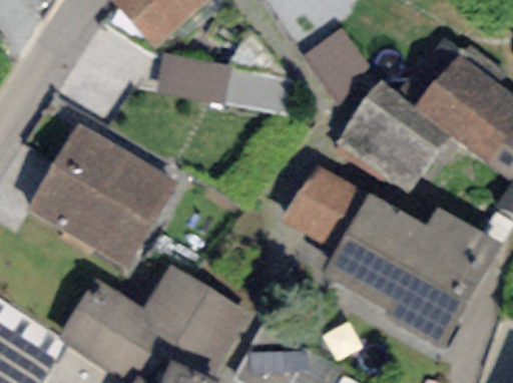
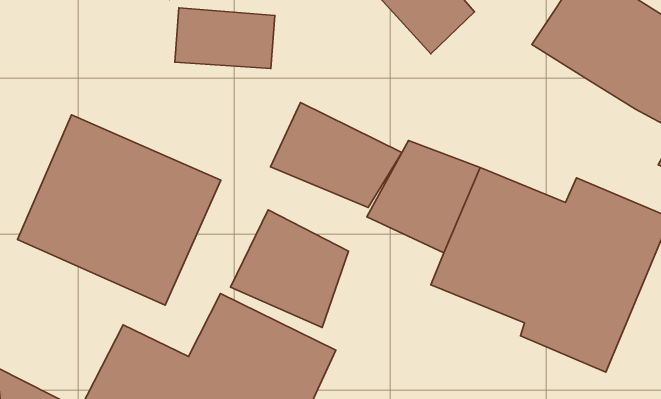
building: [336,80,453,190] -> none
building: none -> [271,102,402,207]
building: none -> [230,210,348,327]

